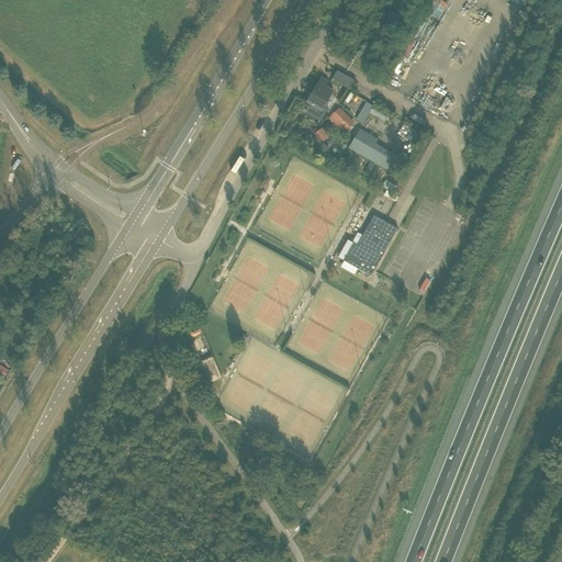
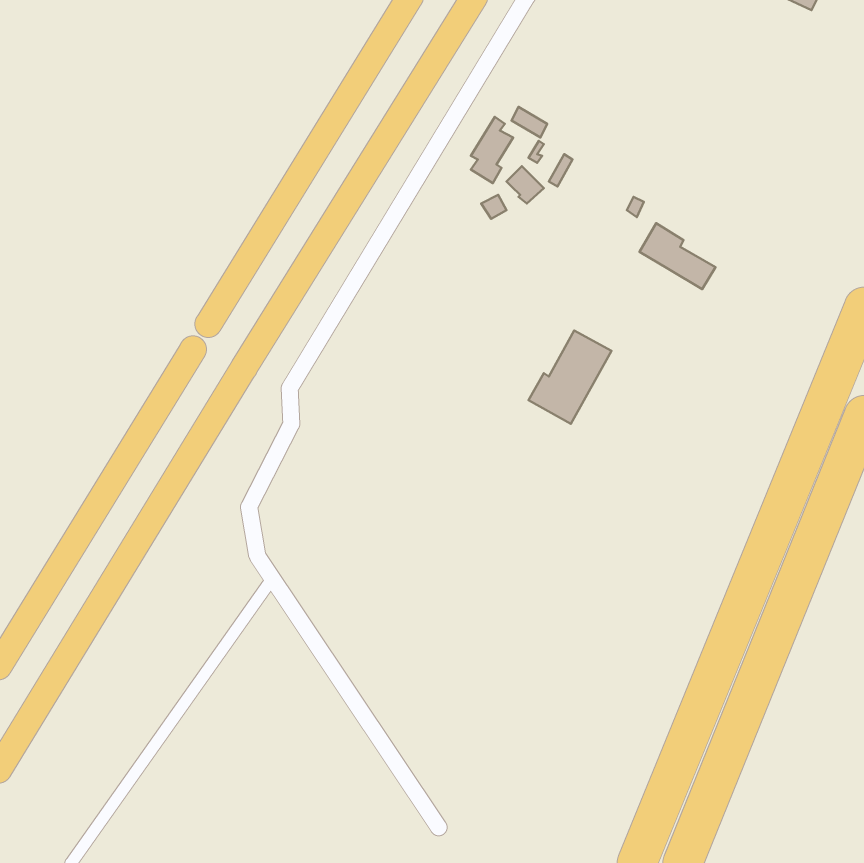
building: [348,127,397,170] -> [639,223,716,289]

